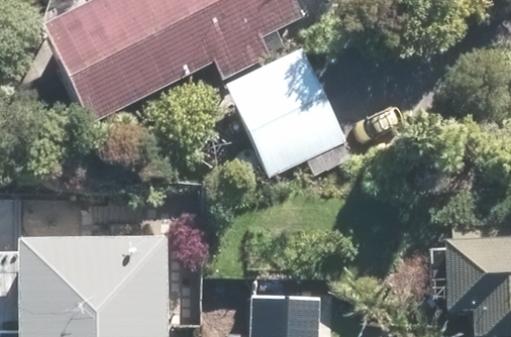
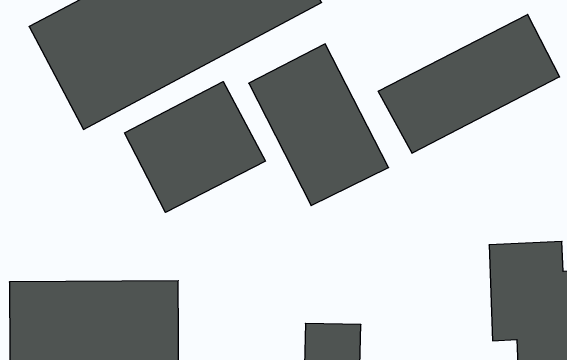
building: none -> [378,14,560,153]
building: none -> [125,82,265,212]

